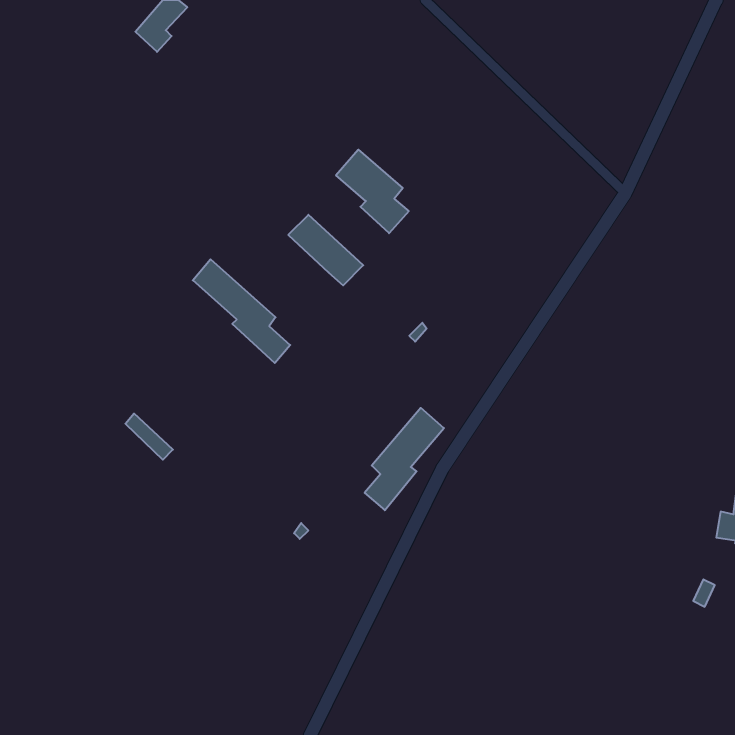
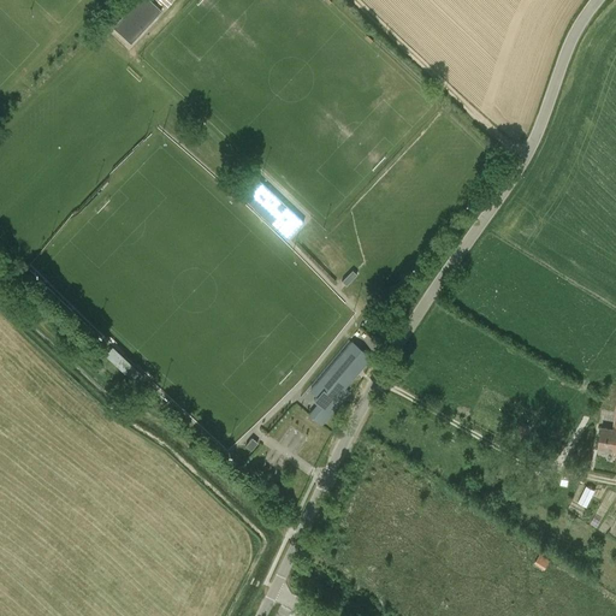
building: [336,150,409,233] -> none
building: [193,259,290,363] -> none

